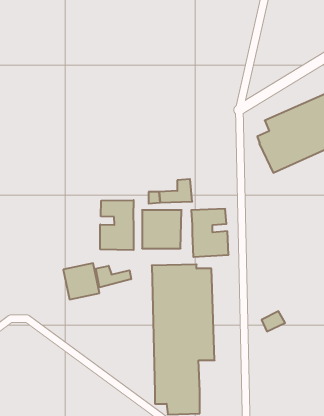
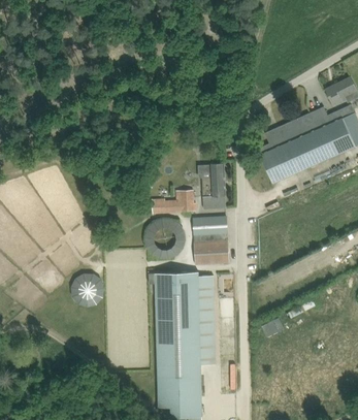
building: none -> [201,162,226,208]
building: [100,200,134,250] -> none
building: [96,266,131,287] -> none

